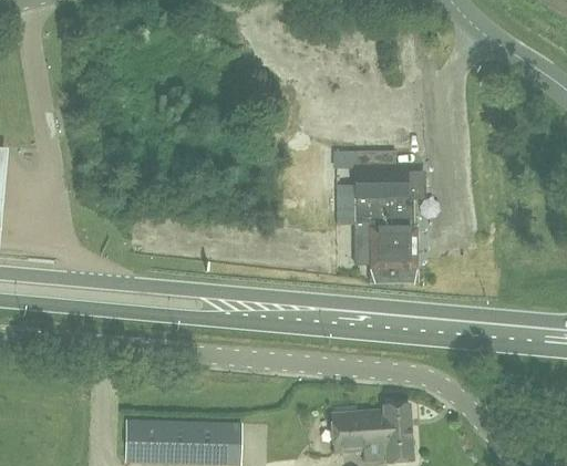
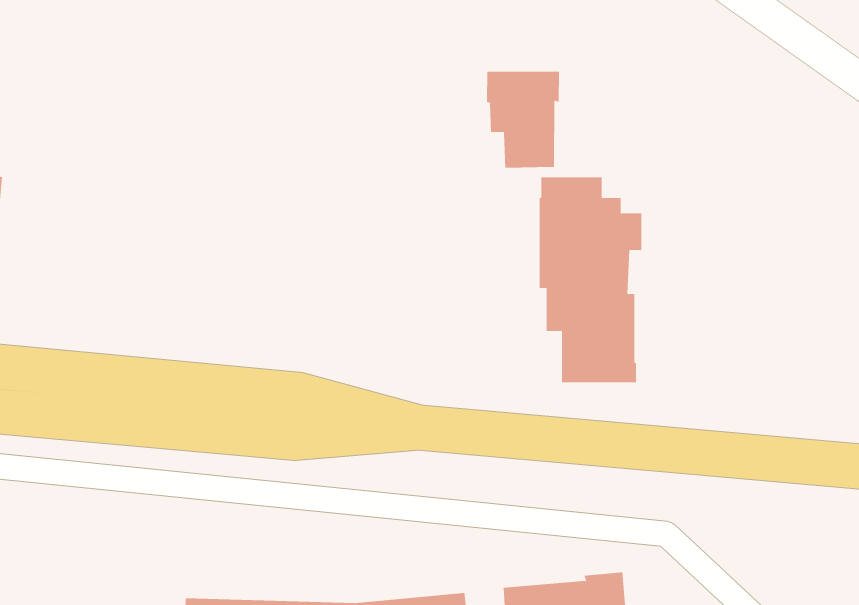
building: none -> [487,71,560,168]

